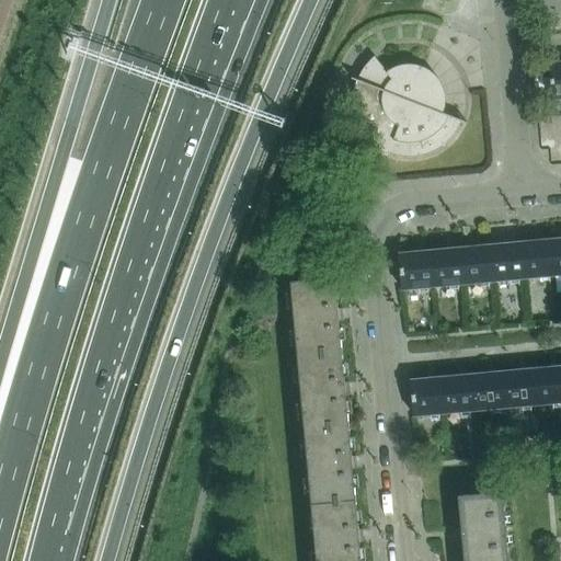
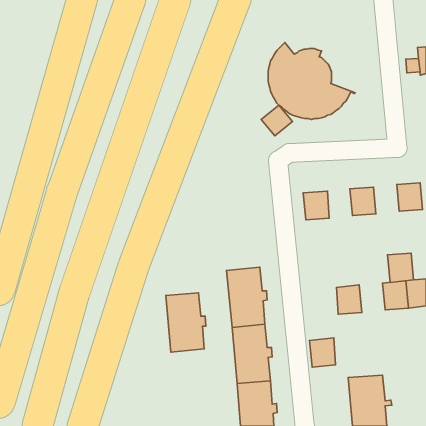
building: none -> [261,105,293,136]
building: [490,242,524,280] -> none
building: [430,248,462,286] -> none
building: [290,277,343,355] -> [166,293,206,352]
building: [471,371,505,410] -> [388,253,414,282]
building: [410,377,444,415] -> [310,338,335,367]

